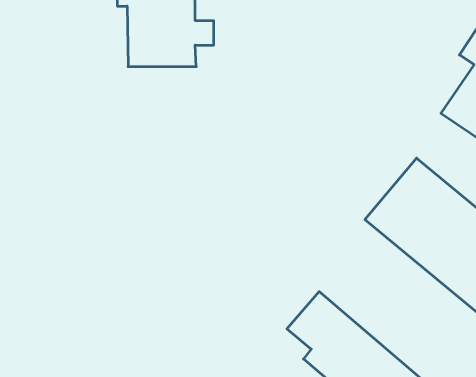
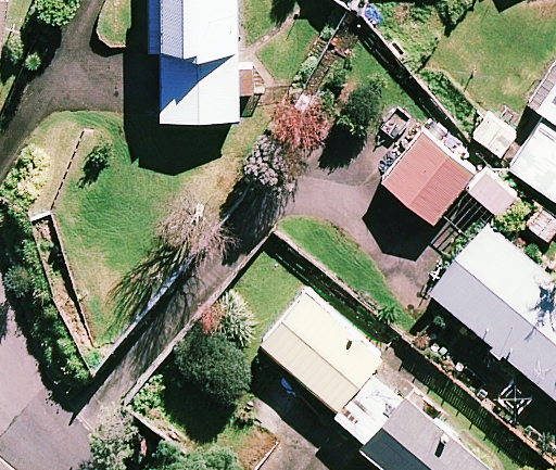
building: none -> [378,131,470,224]
building: none -> [262,292,386,412]

